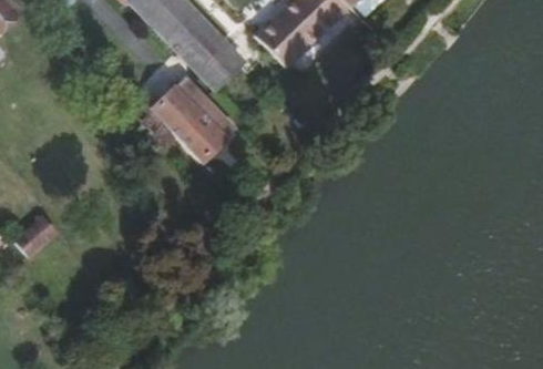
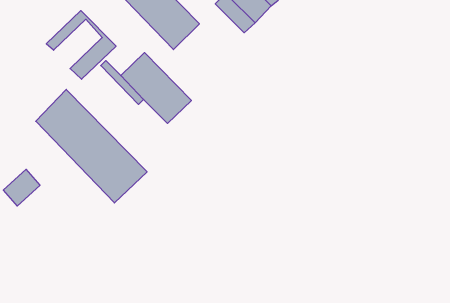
building: none -> [46,11,116,79]
building: none -> [36,89,147,203]

